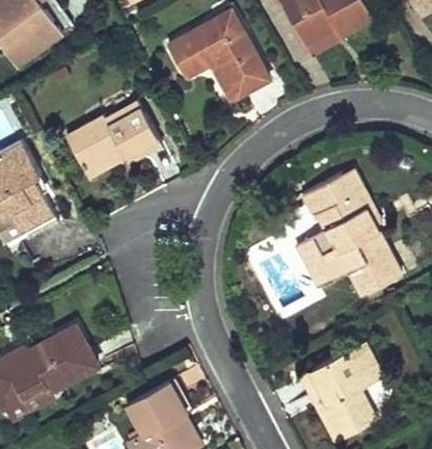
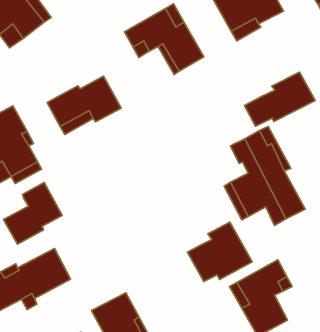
building: none -> [244,72,315,126]
building: none -> [4,182,62,244]
building: none -> [188,222,252,282]

